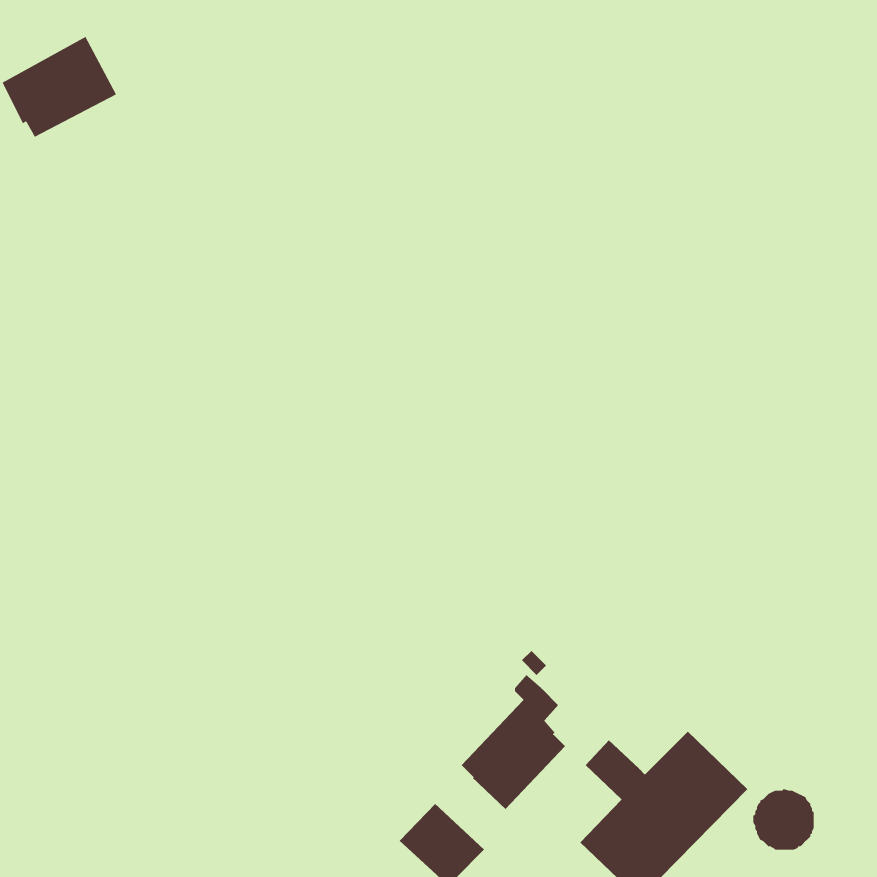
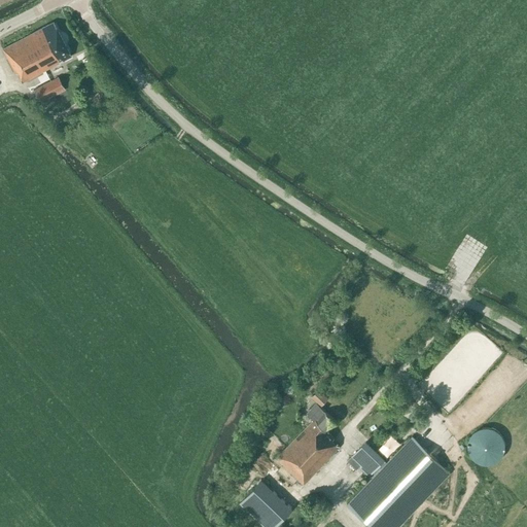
building: none -> [33,78,64,108]
building: [753,788,815,850] -> [466,427,503,464]

